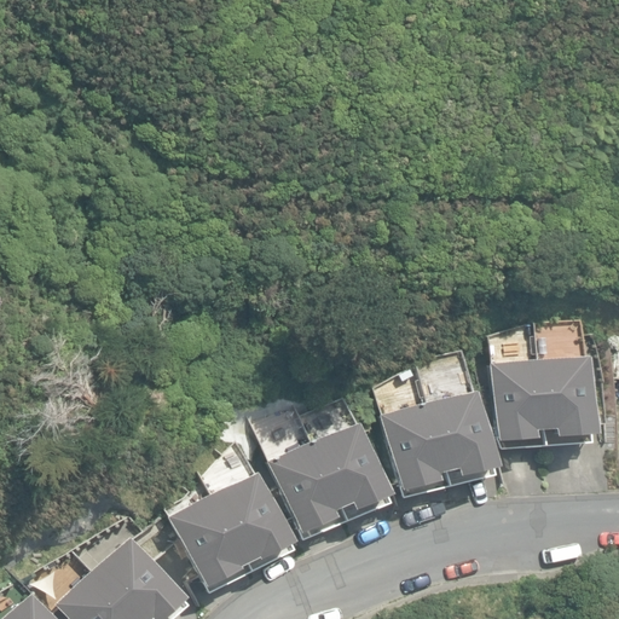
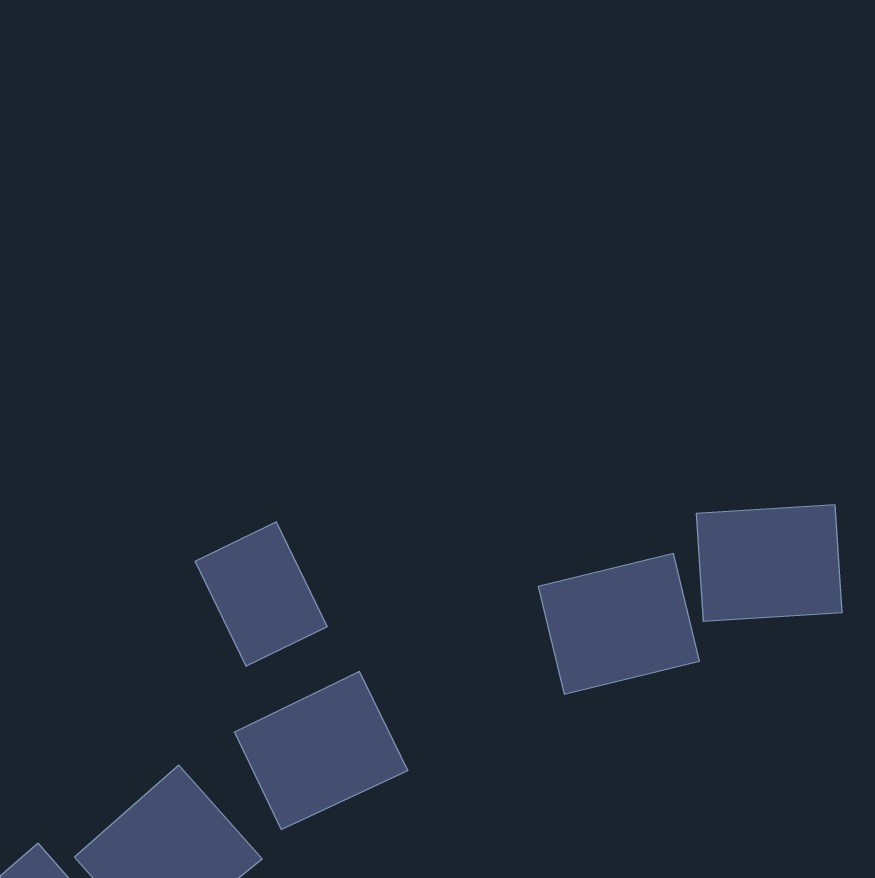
building: none -> [195,522,327,666]
building: [271,426,388,531] -> none

